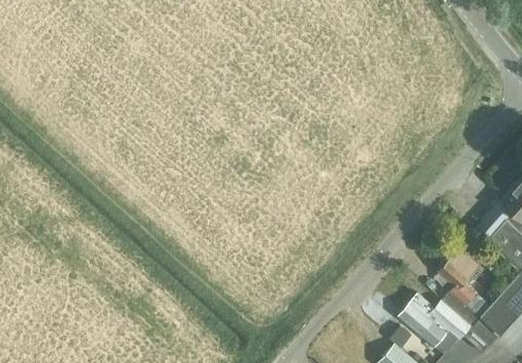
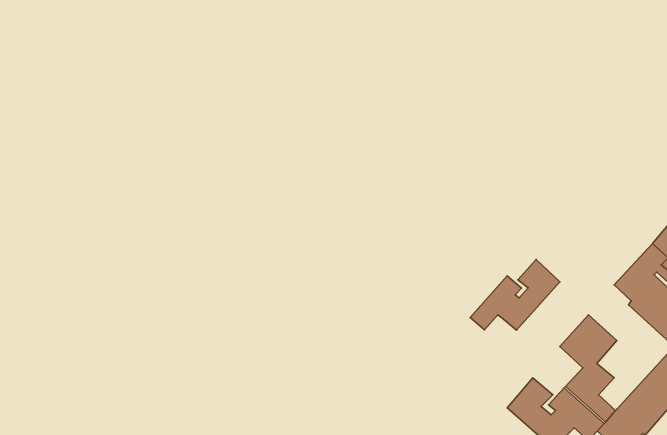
building: none -> [470,260,560,330]

